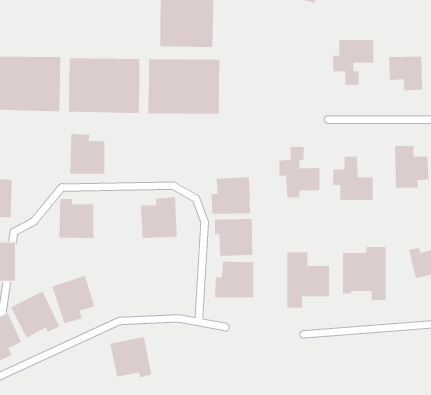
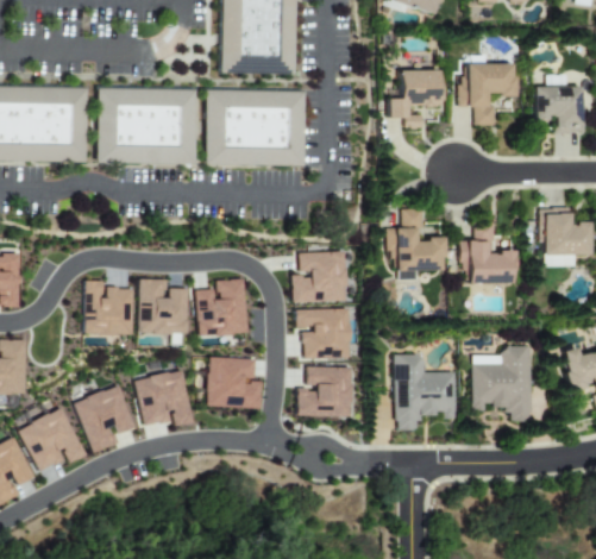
building: none -> [388,70,441,128]
building: [69,133,105,174] -> [139,278,188,334]
building: none -> [207,357,263,408]
building: [110,336,152,378] -> [136,370,194,427]

